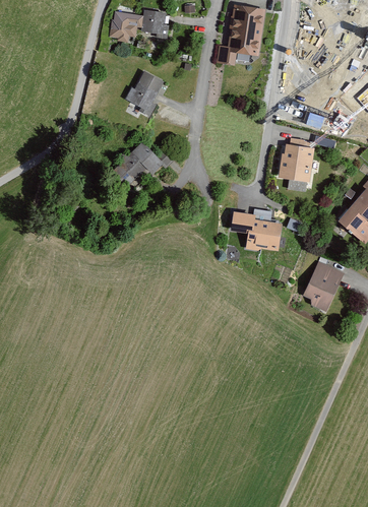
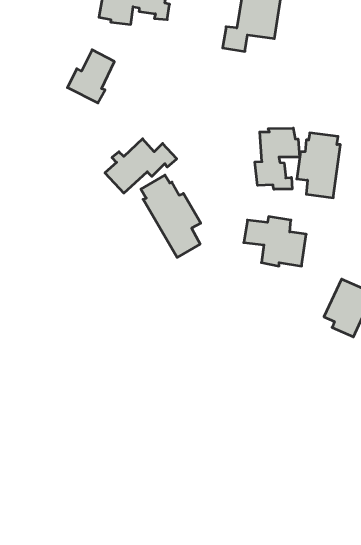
building: [124,69,165,115] -> [67,50,114,103]
building: none -> [255,128,300,189]
building: none -> [141,175,201,257]

